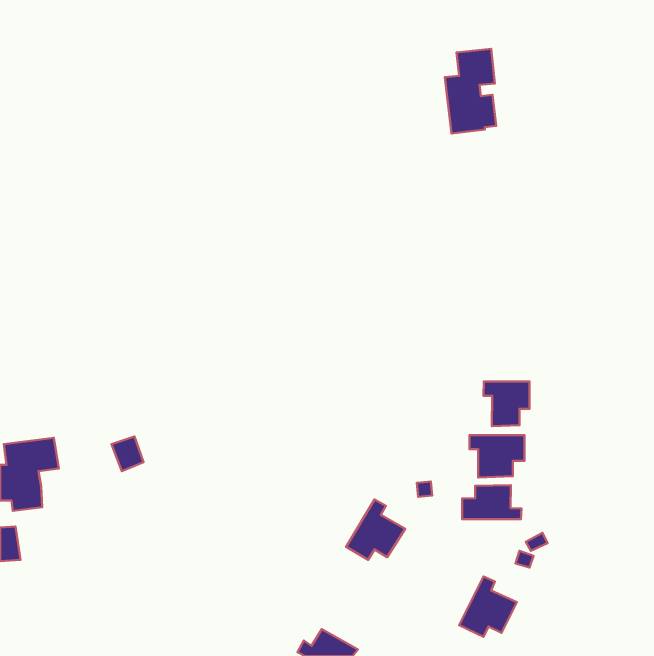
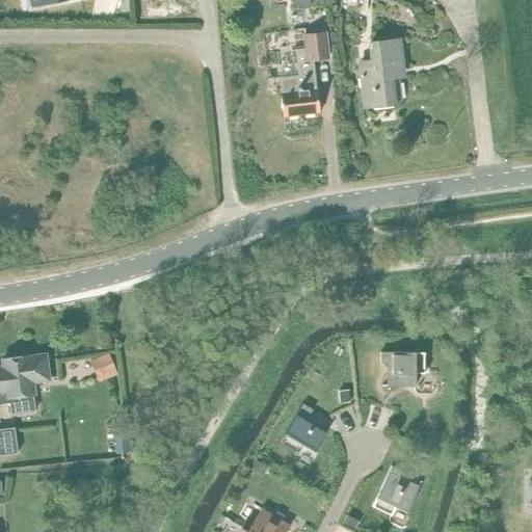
building: none -> [281,32,328,116]
building: [484,382,530,426] -> none
building: [462,485,521,519] -> none

